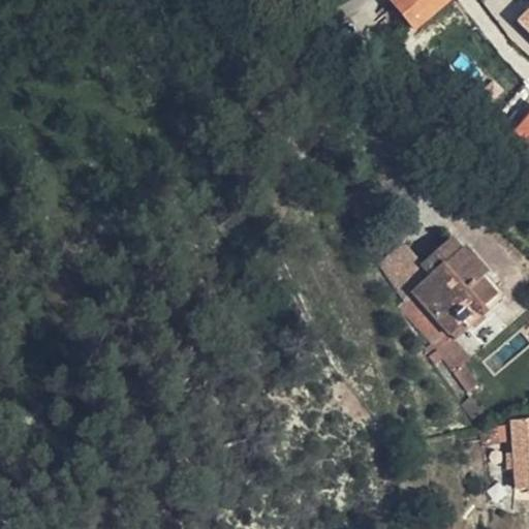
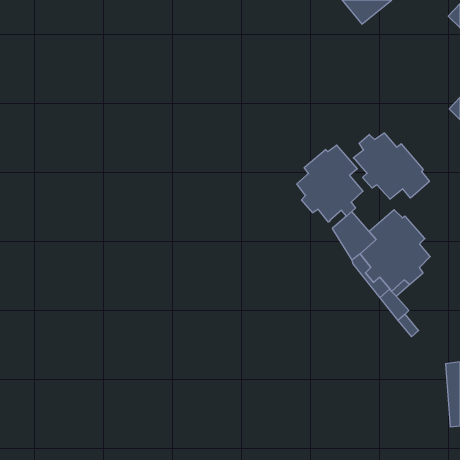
building: none -> [353,133,429,199]
building: none -> [297,145,363,222]

